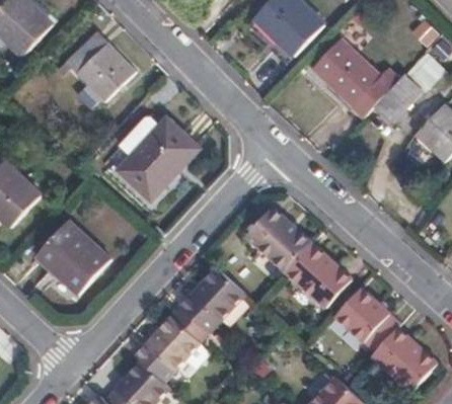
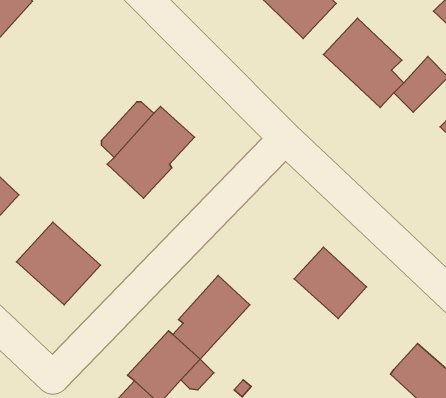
building: [64,31,135,101] -> none
building: [245,207,311,270] -> none
building: [334,287,399,351] -> none

